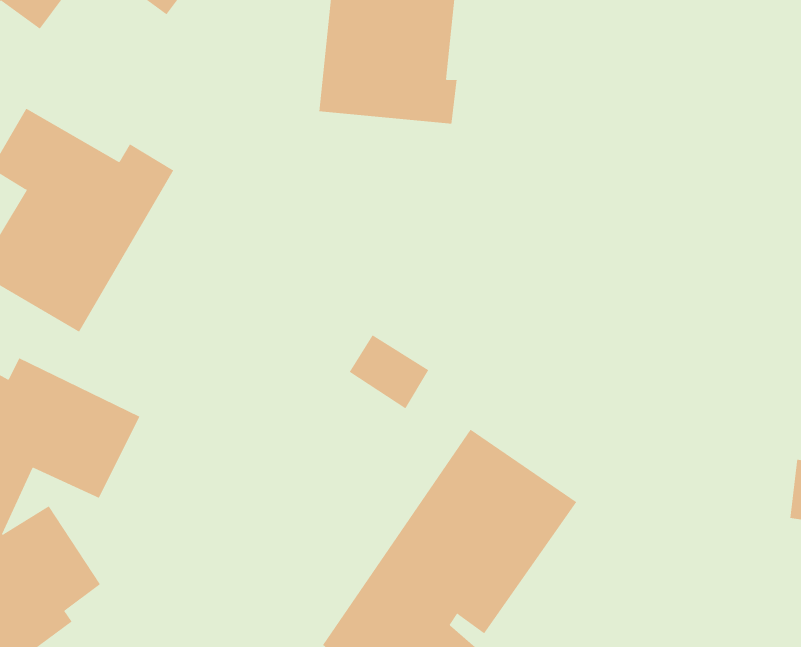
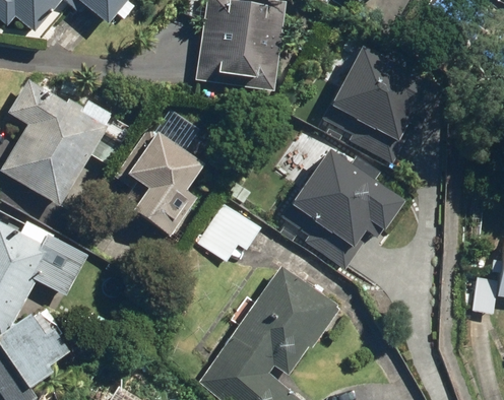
building: none -> [331,44,434,142]
building: none -> [126,110,207,236]
building: none -> [292,146,407,246]

